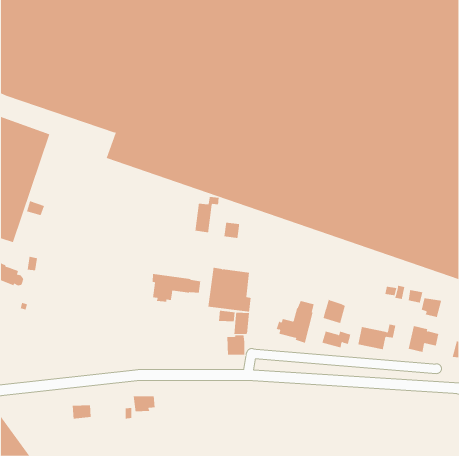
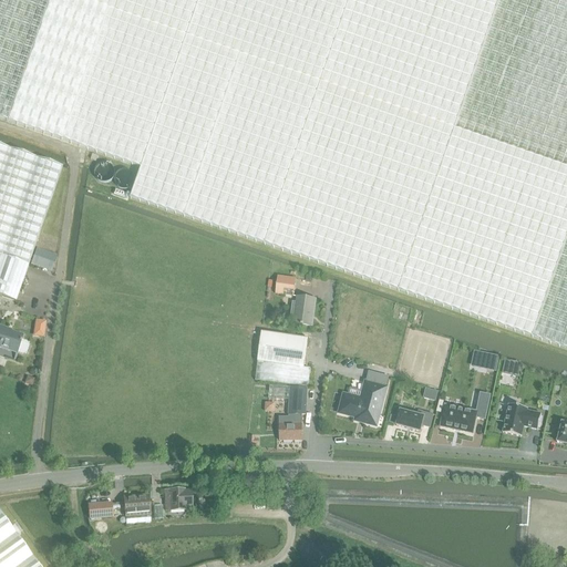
building: [195,196,219,233] -> none
building: none -> [290,295,315,326]
building: [152,273,201,302] -> none
building: [421,297,442,318] -> none
building: [323,299,345,324] -> none
building: none -> [124,493,150,513]

